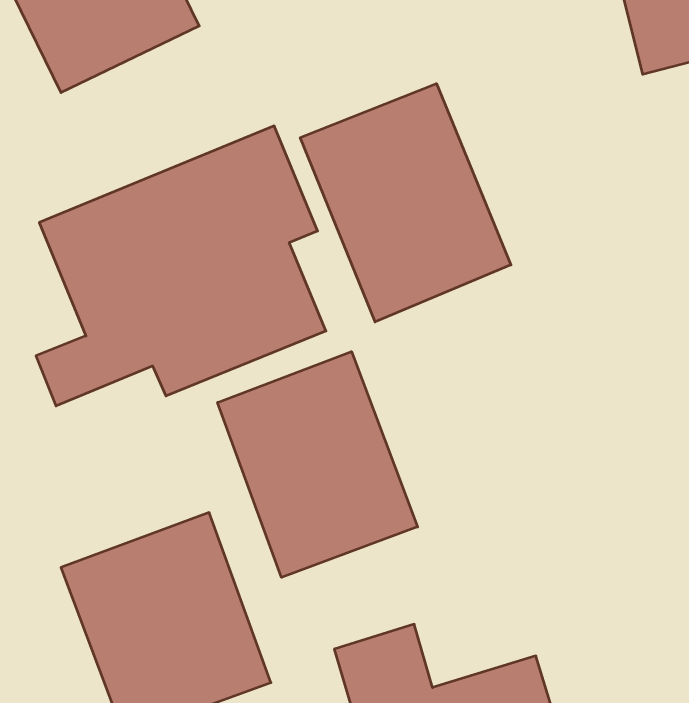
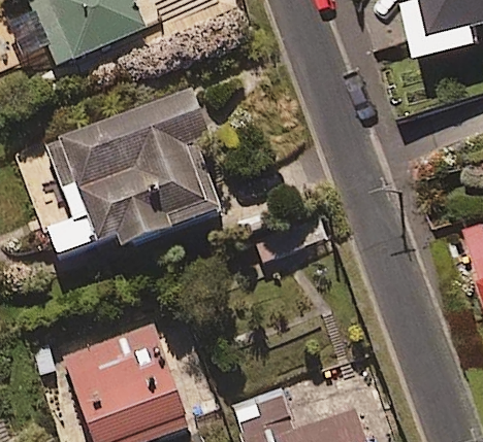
building: [300,84,511,322] -> none
building: [218,352,418,577] -> none

